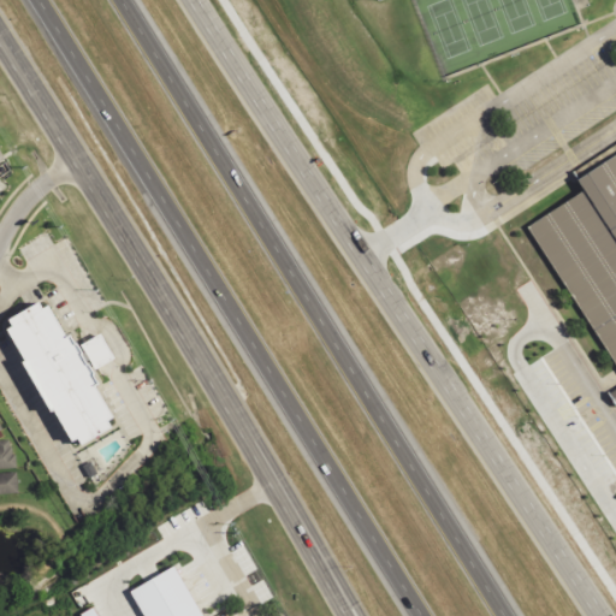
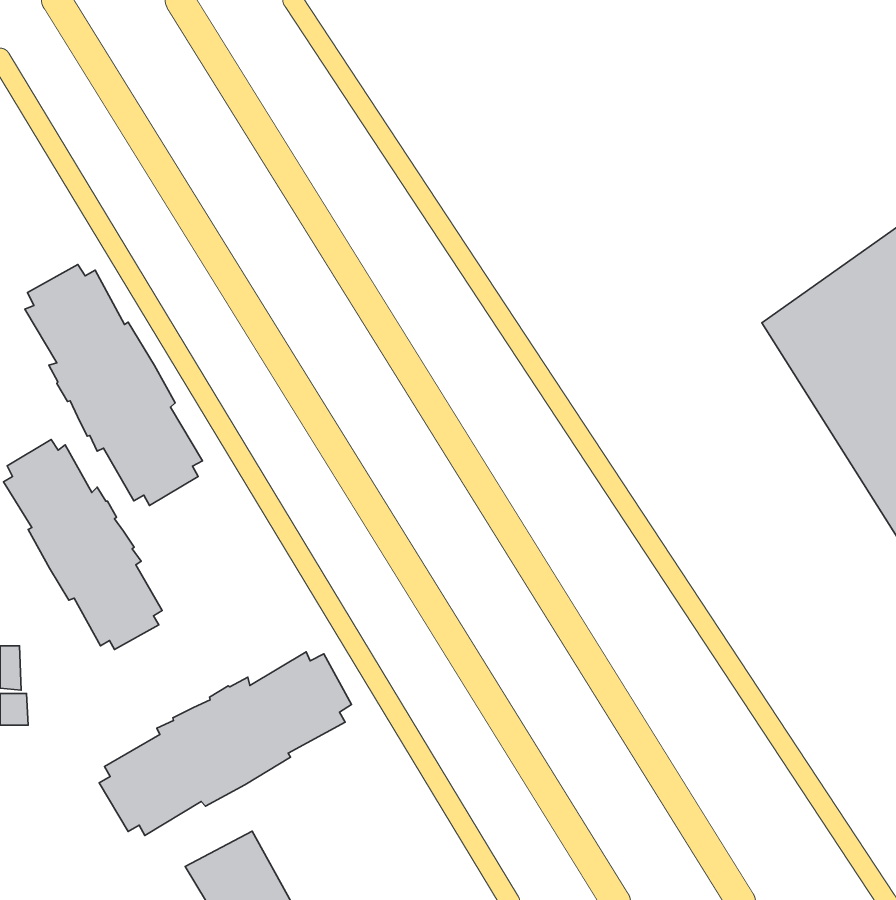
building: none -> [25,265,202,505]
building: none -> [99,652,352,835]

